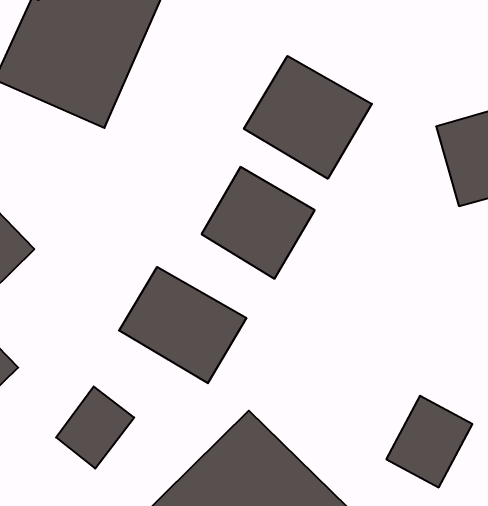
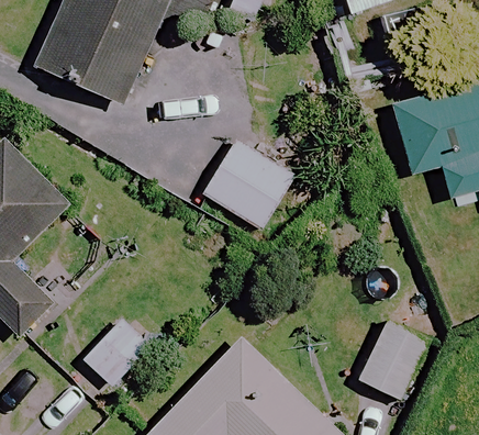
building: [244,56,372,179] -> none
building: [119,267,246,383] -> none

